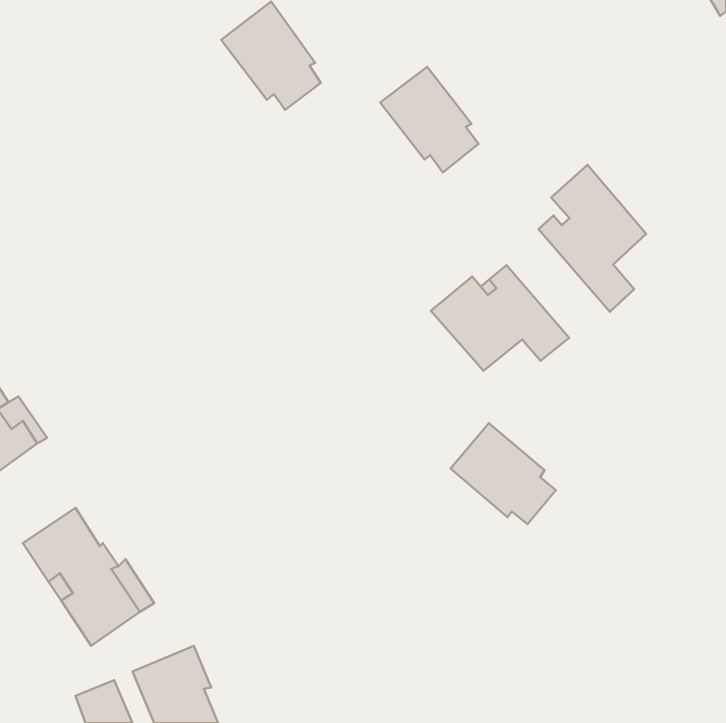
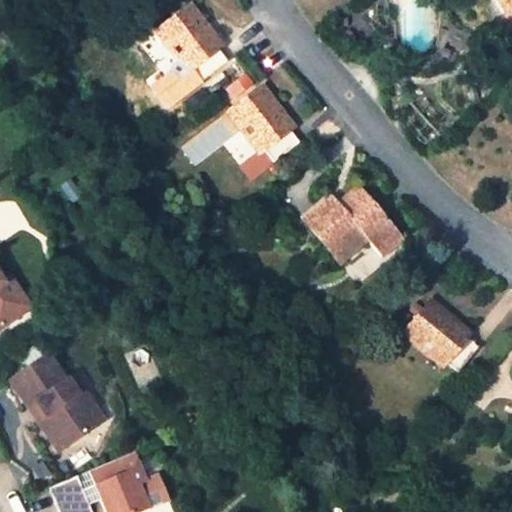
building: [380,67,479,172] -> [227,85,296,159]
building: [539,165,646,312] -> none
building: [450,423,556,524] -> [402,298,476,369]

